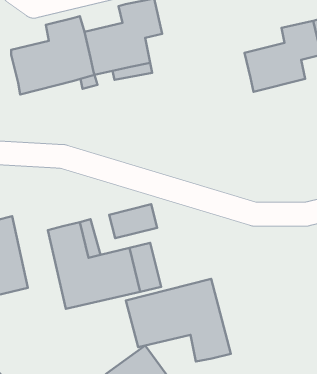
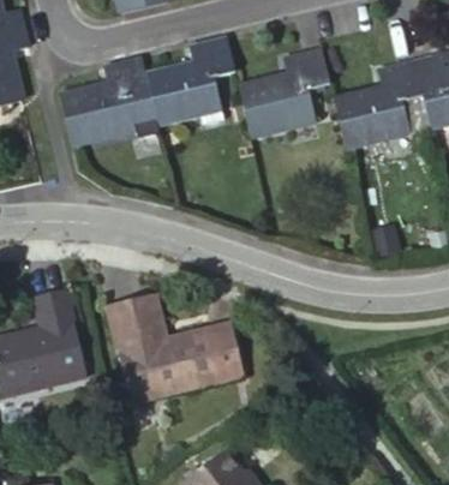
building: none -> [246,47,340,136]
building: [109,204,157,238] -> none
building: [126,279,231,361] -> none

